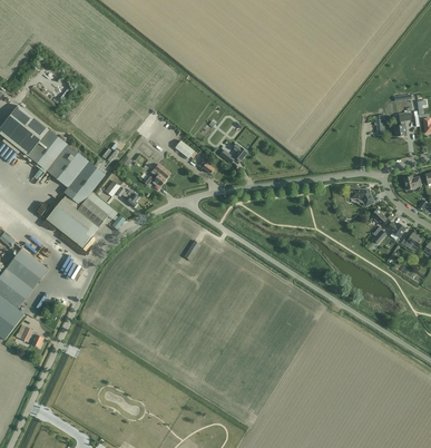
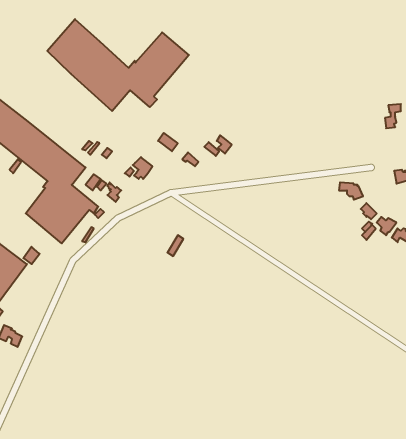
building: none -> [47,19,189,111]

